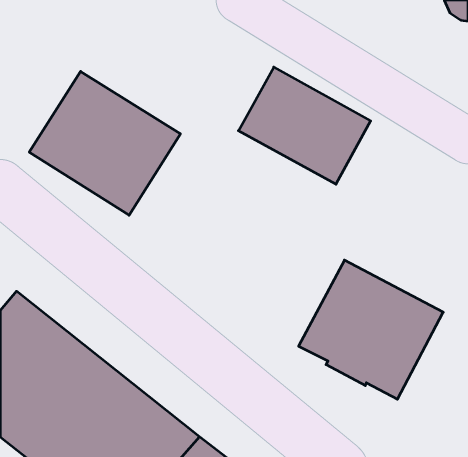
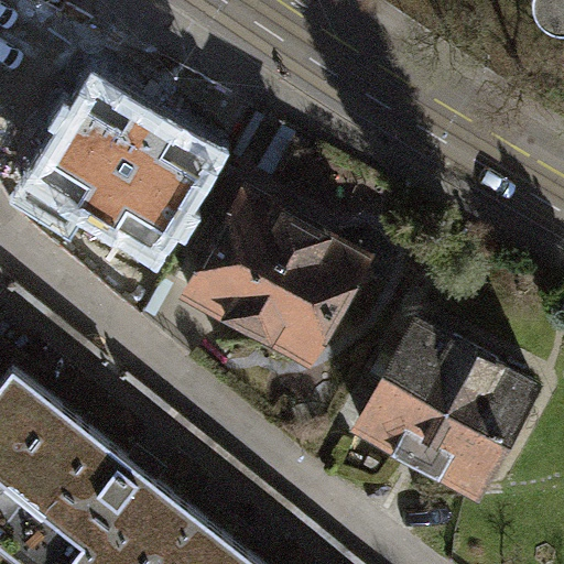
building: [238,67,371,184] -> none
building: none -> [182,193,361,366]

